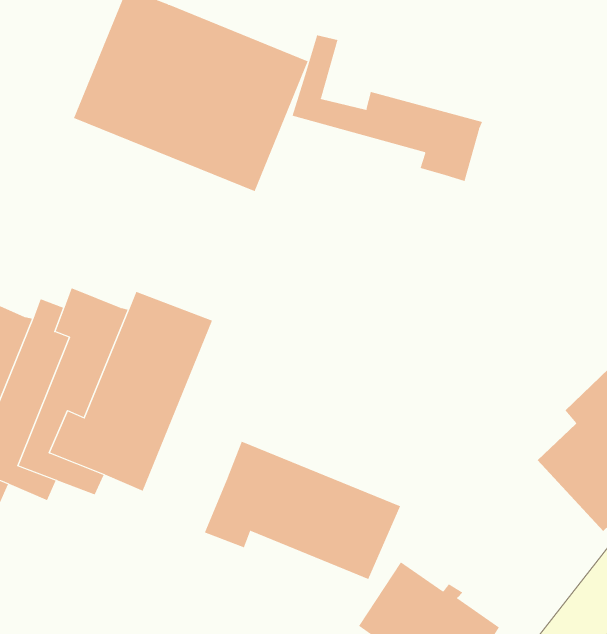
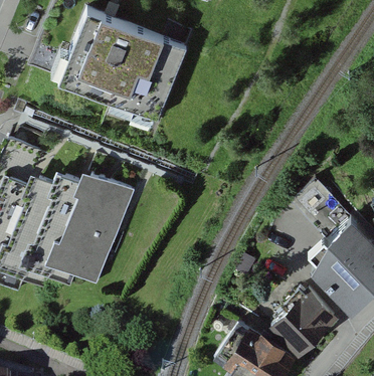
building: [292,35,483,182] -> none
building: [204,441,401,580] -> none
building: none -> [271,285,335,350]

